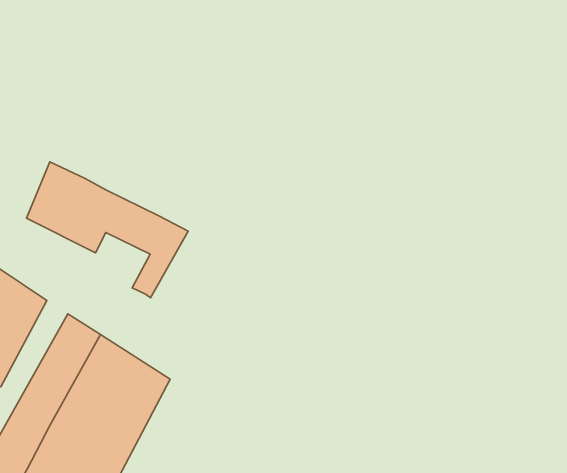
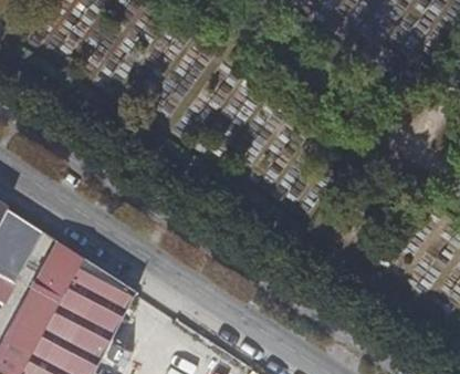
building: [26,162,188,298] -> none

